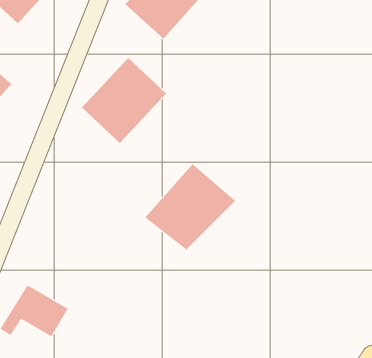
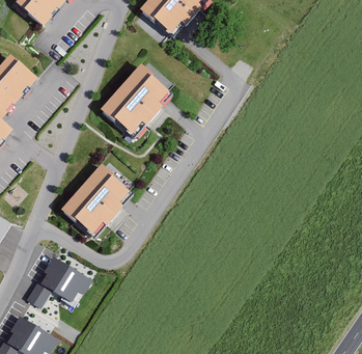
building: [144,163,236,250] -> [58,158,139,235]

